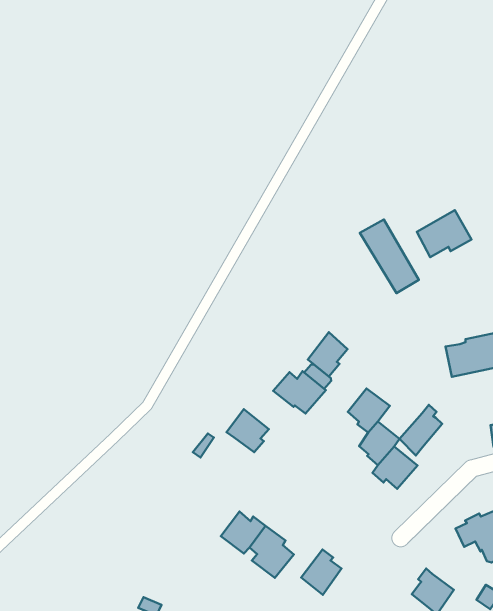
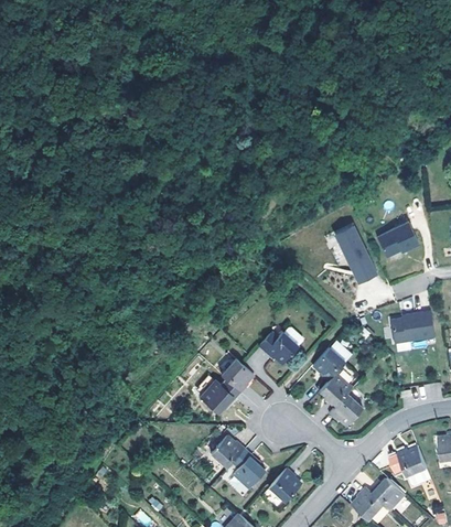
building: [308,332,347,377] -> none
building: [399,405,442,455] -> none
building: none -> [202,378,241,411]
building: none -> [369,477,405,509]

